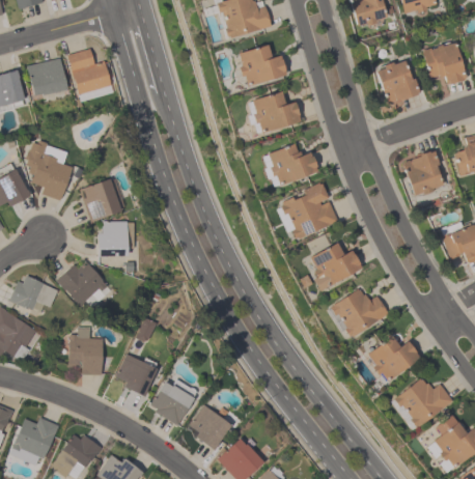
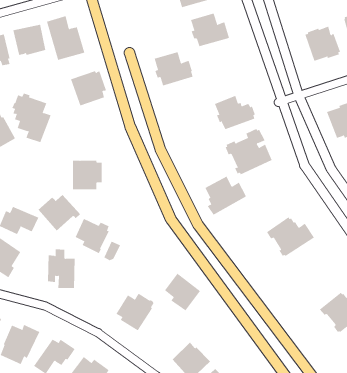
building: [253,91,301,133] -> [154,52,194,86]
building: [81,178,124,221] -> [70,70,107,106]
building: [311,243,362,290] -> [204,176,247,216]
building: [368,335,420,381] -> none
building: [116,354,158,396] -> [75,218,110,254]
building: [189,403,232,449] -> [164,273,201,311]

